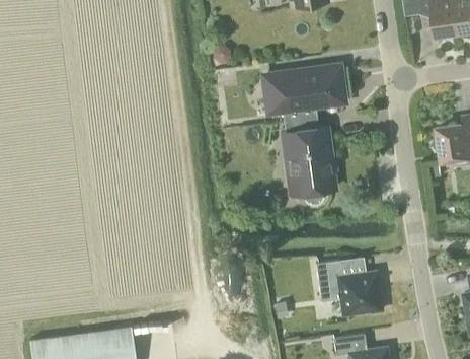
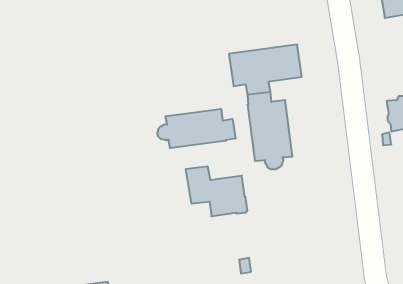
building: none -> [157,109,235,148]
building: [315,261,383,315] -> [186,166,247,216]

